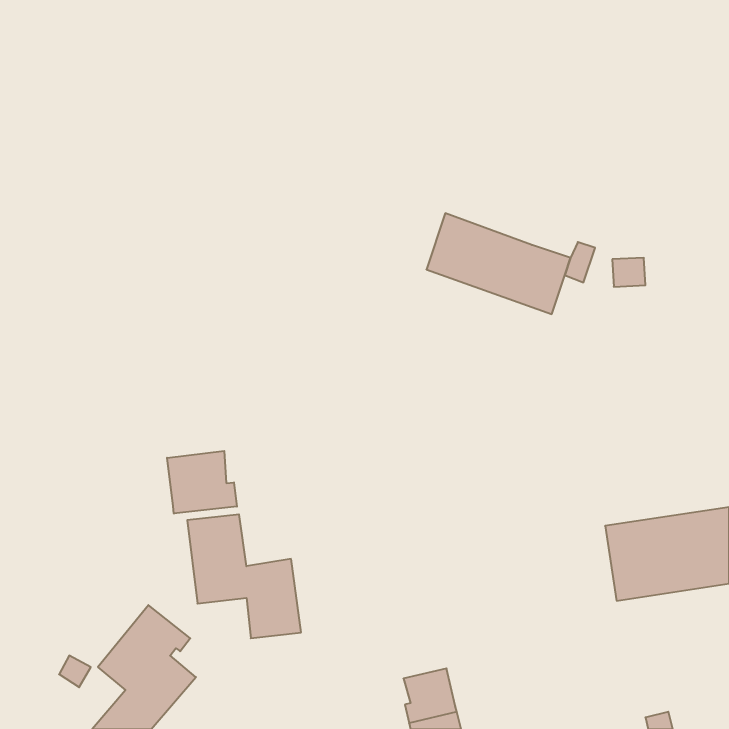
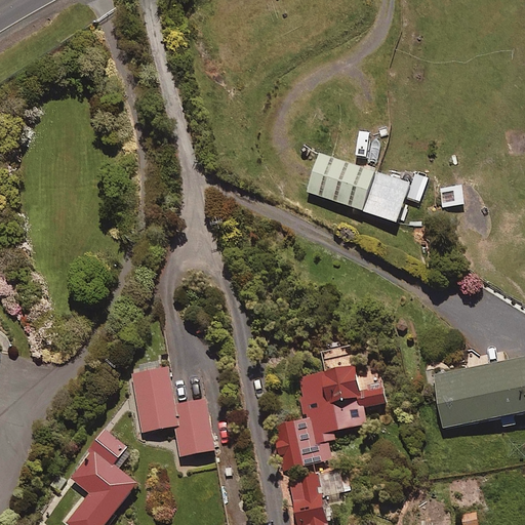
building: [167,451,237,514] -> none
building: none -> [278,366,389,466]

